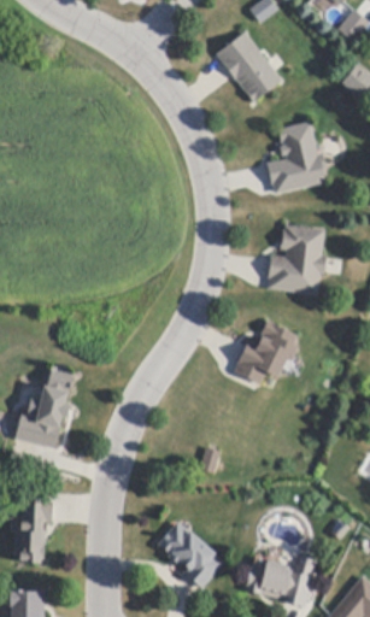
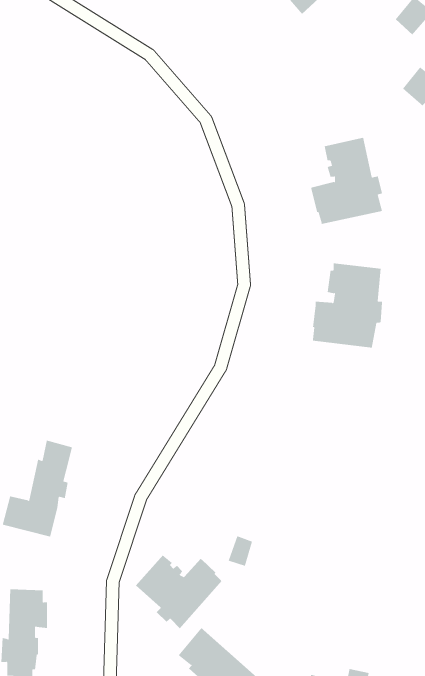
building: [217,31,282,102] -> none
building: [234,319,298,383] -> none
building: none -> [135,555,222,629]

